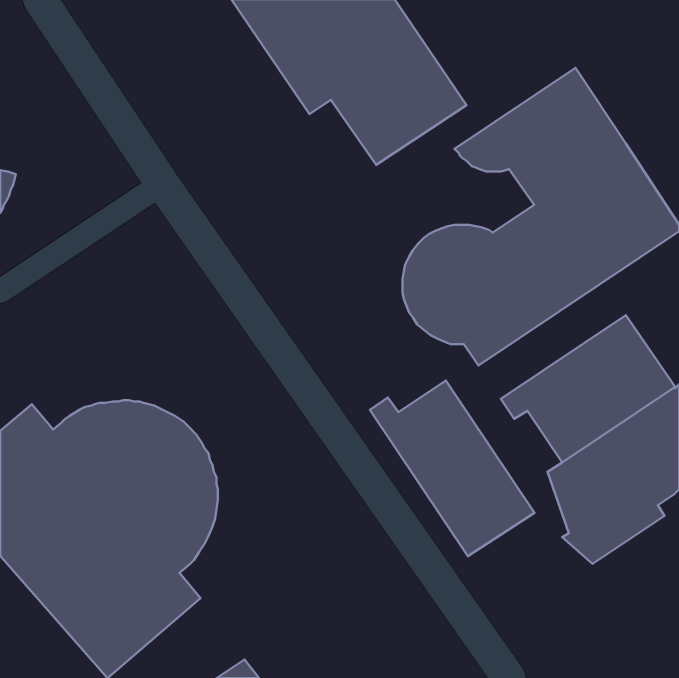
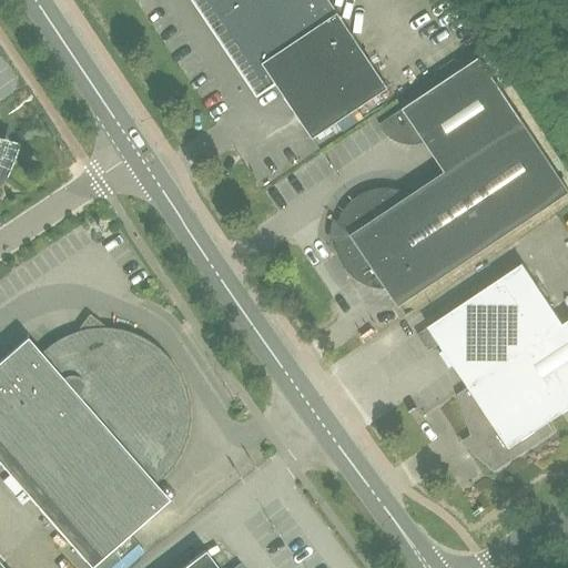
building: [370,380,535,556] -> none

